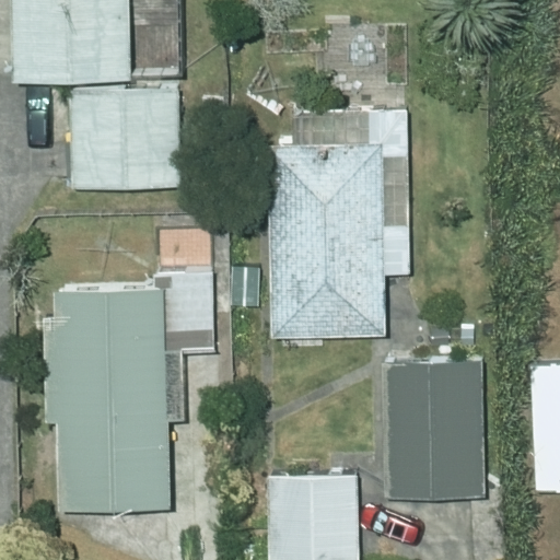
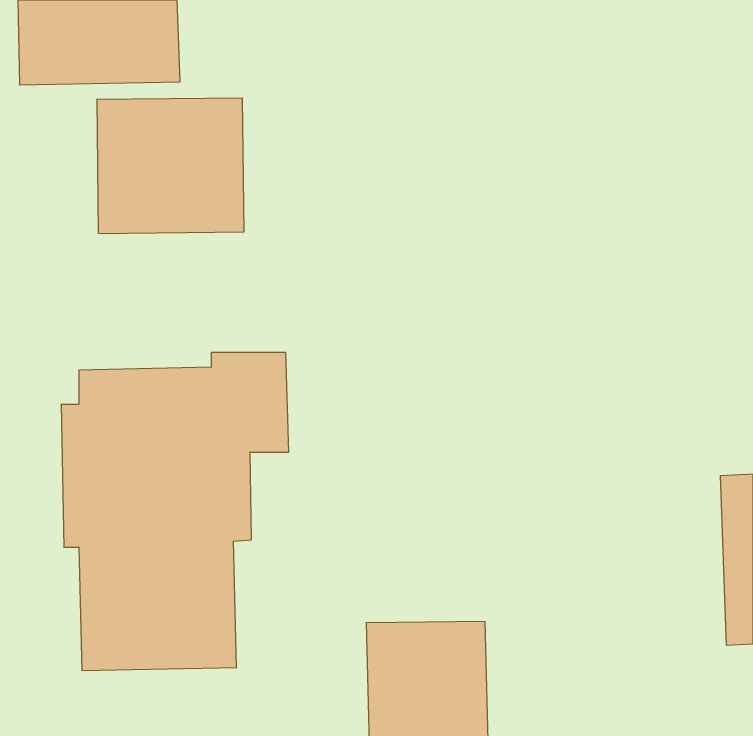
building: [269,142,386,336] -> none
building: [384,364,483,498] -> none

